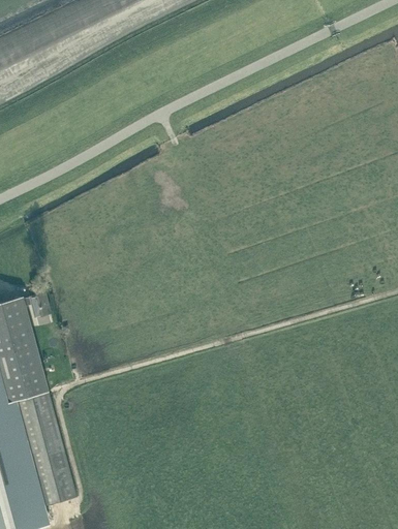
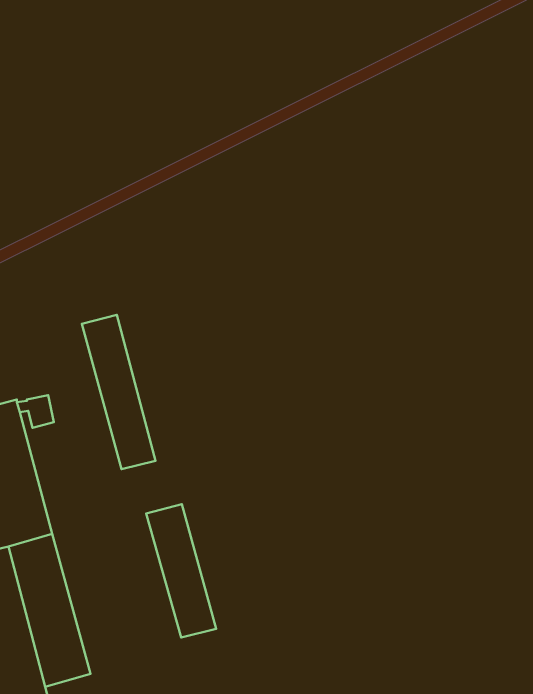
building: none -> [82,315,156,469]
building: none -> [146,504,216,638]

